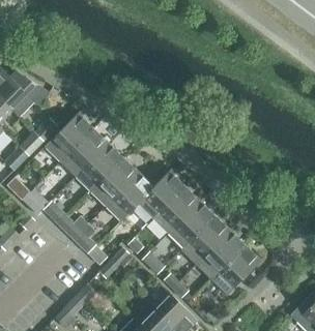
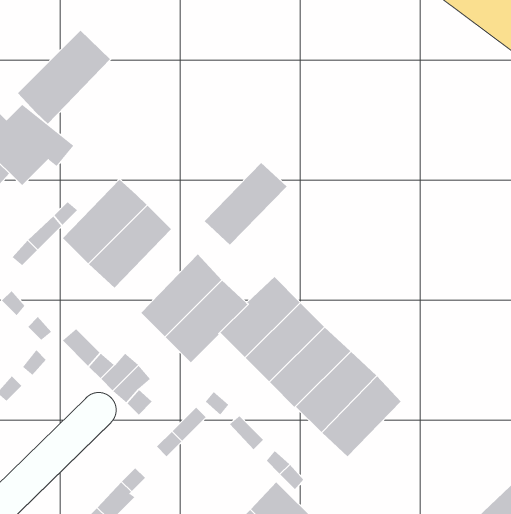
building: none -> [17,30,111,125]
building: [74,143,123,192] -> [204,162,287,245]
building: [212,245,260,294] -> none

